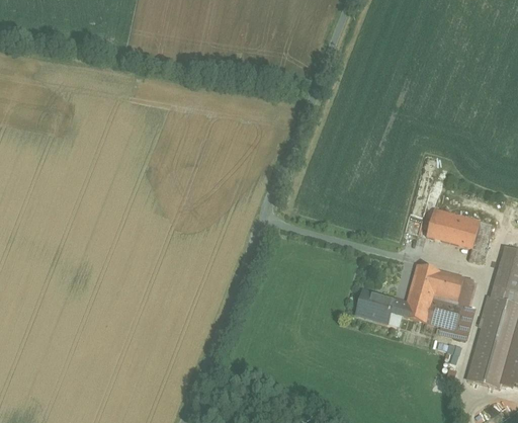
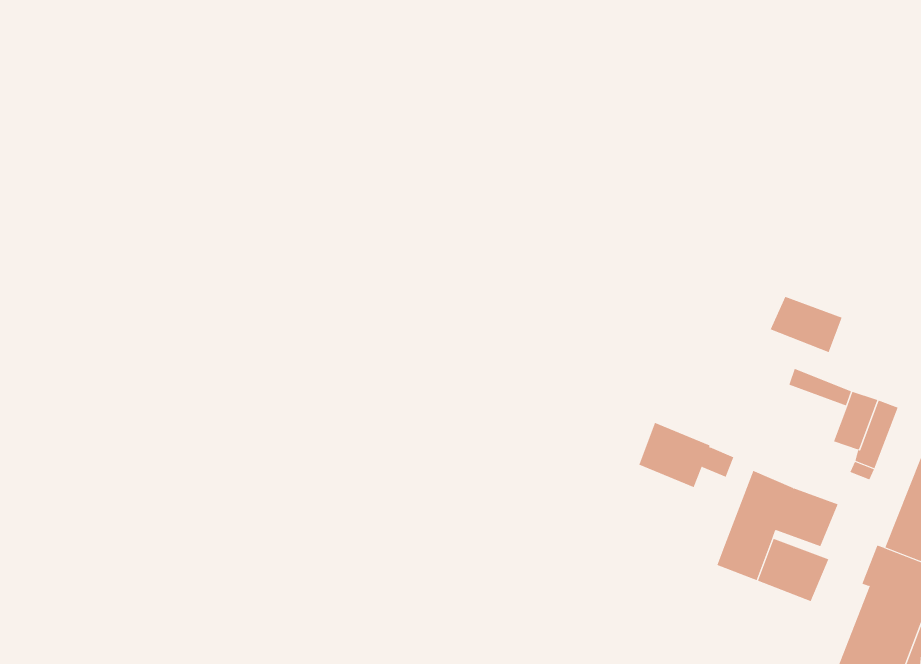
building: [427,217,464,244] -> [770,296,842,353]
building: [358,289,408,322] -> [639,422,734,488]

